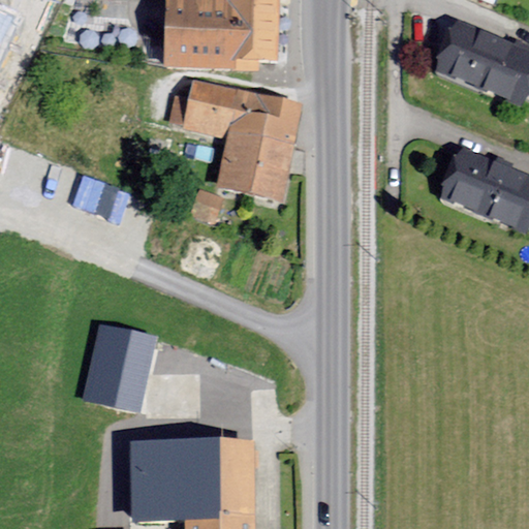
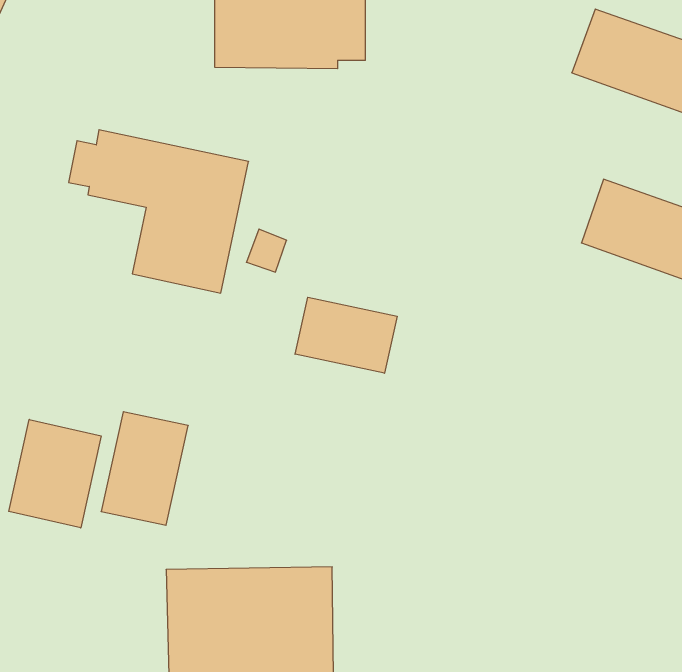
building: [169,80,304,201] -> [69,130,249,293]
building: none -> [295,297,397,373]
building: none -> [9,419,101,528]

